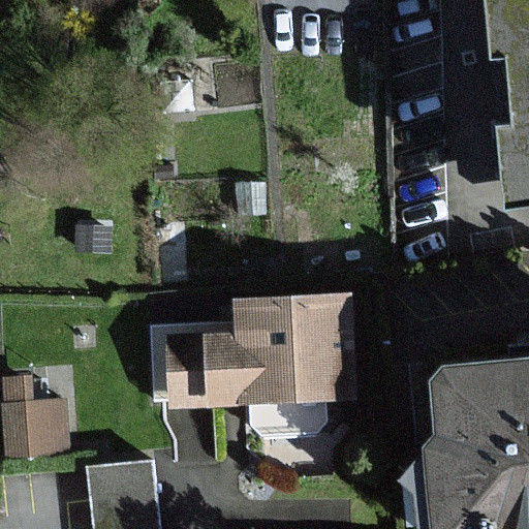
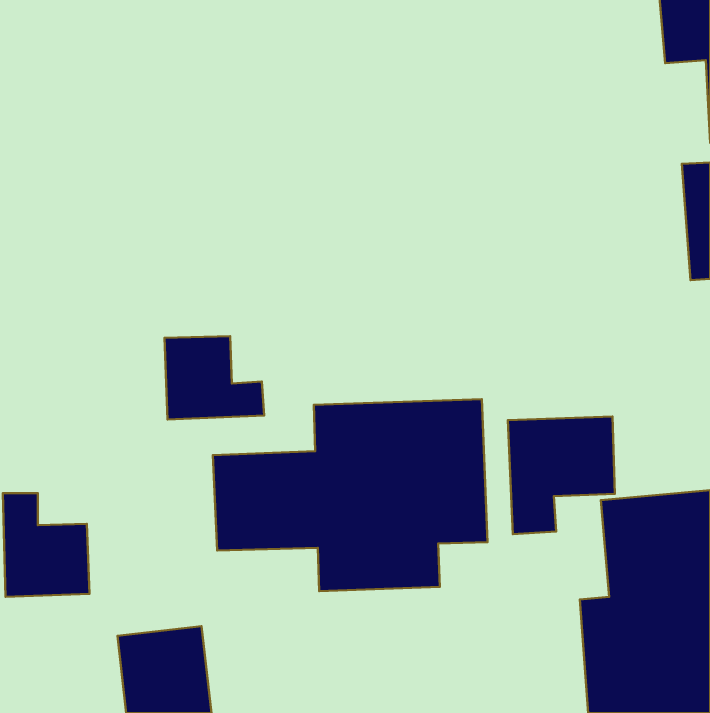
building: none -> [165,336,264,419]
building: none -> [508,417,615,534]

